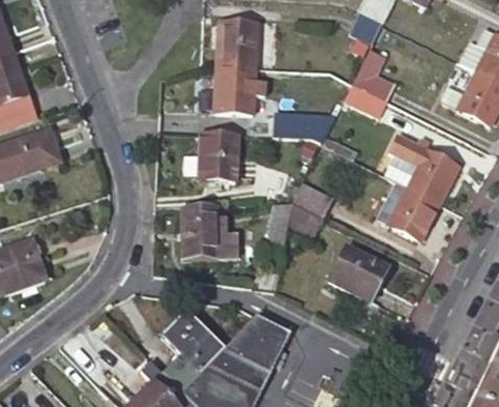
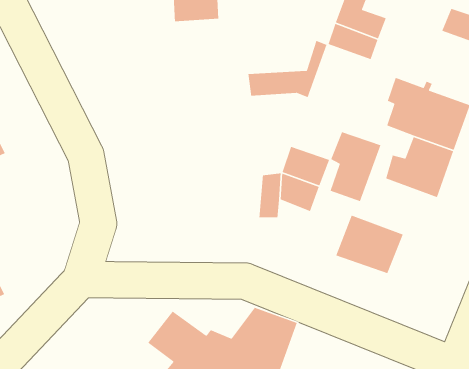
building: [214,66,265,113] -> none
building: [198,133,238,181] -> none
building: none -> [330,131,382,202]
building: [181,205,237,259] -> none

